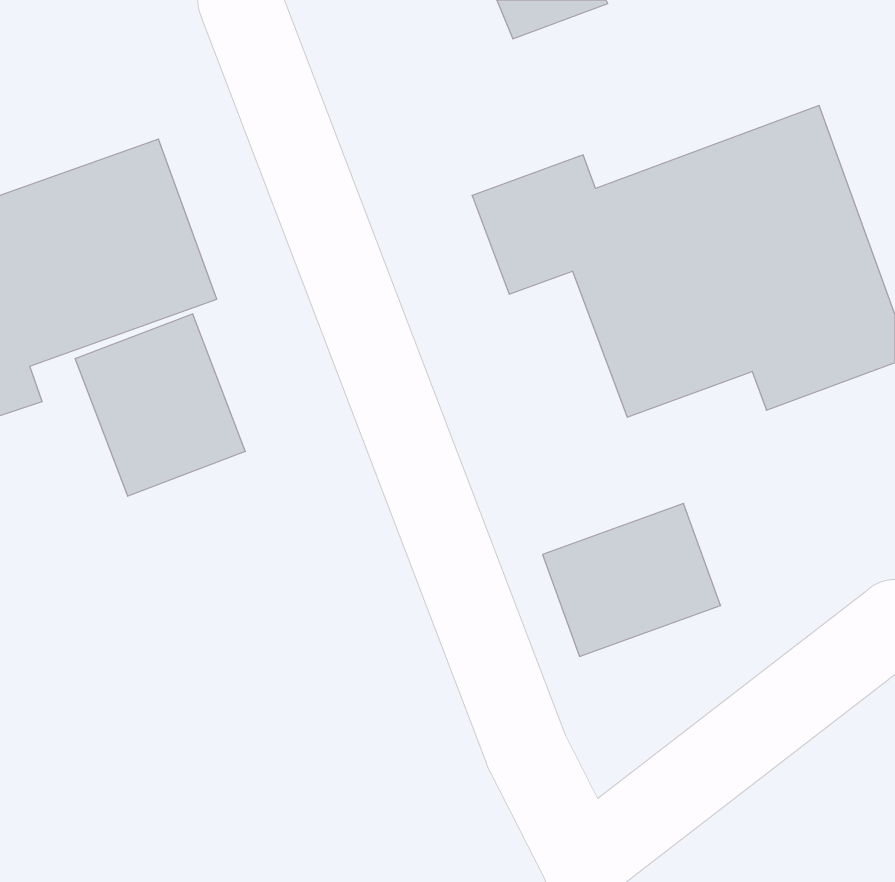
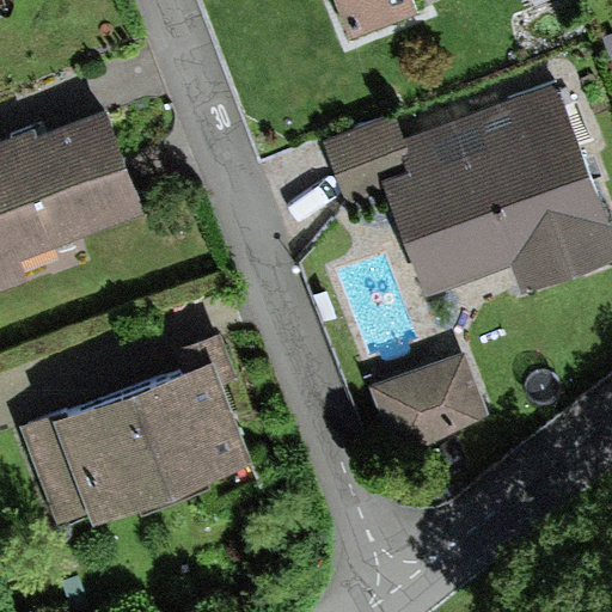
building: [75,314,245,496] -> none
building: none -> [17,332,252,526]

